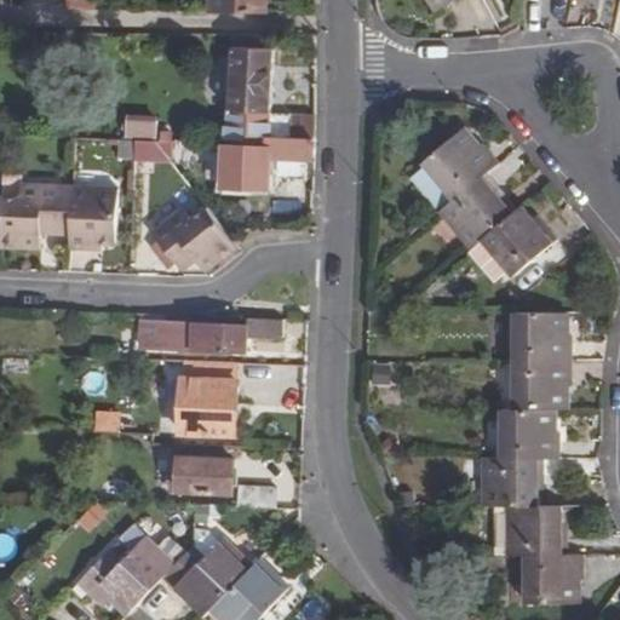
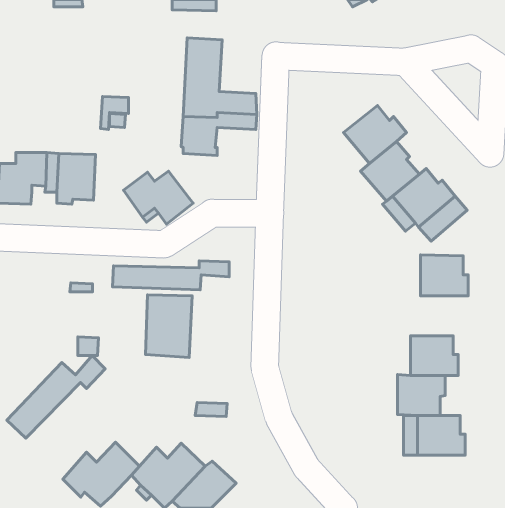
building: [511,360,569,408] -> none
building: none -> [7,356,105,438]
building: [174,457,230,494] -> none
building: [523,553,580,602] -> none

